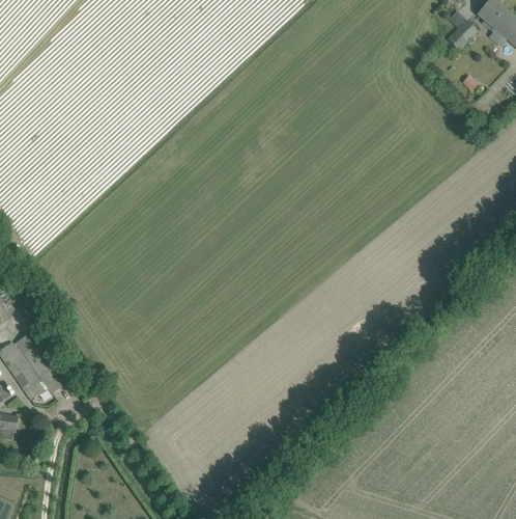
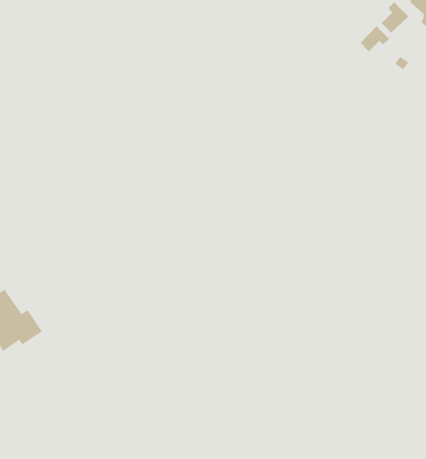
building: none -> [360,25,390,52]

